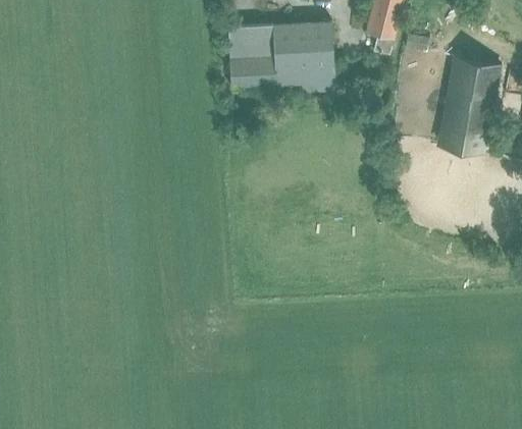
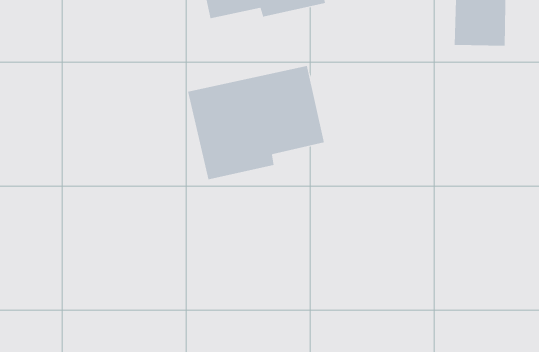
building: none -> [188,65,324,180]

